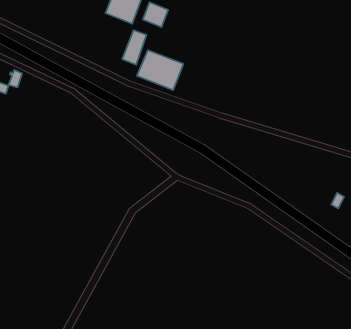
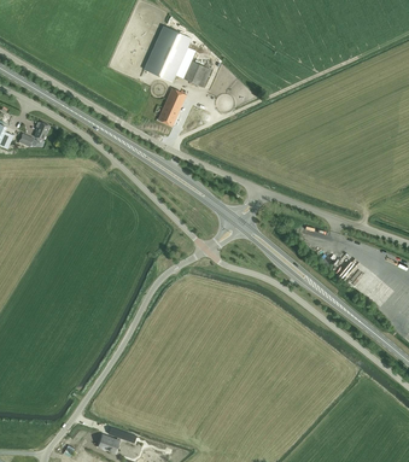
building: [137,50,183,90] -> none

